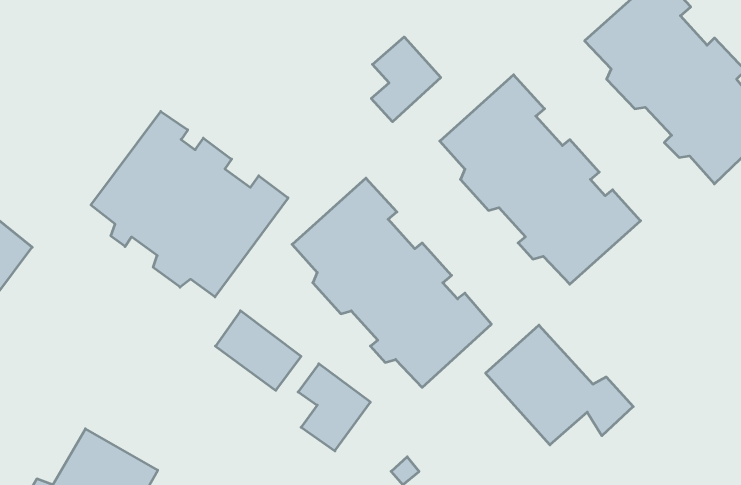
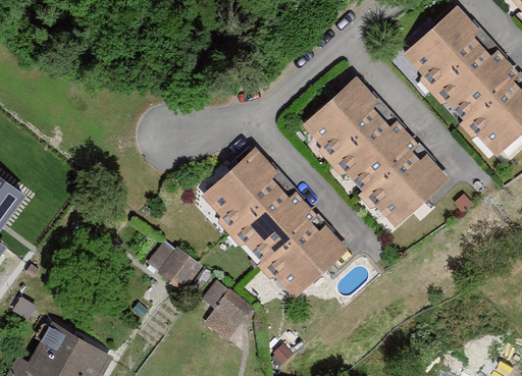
building: [371,37,441,122] -> none
building: [91,111,288,297] -> none
building: [486,325,633,445] -> none

